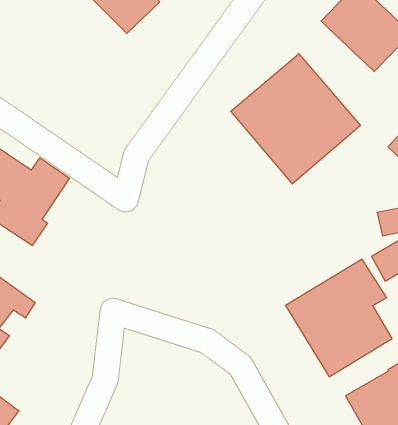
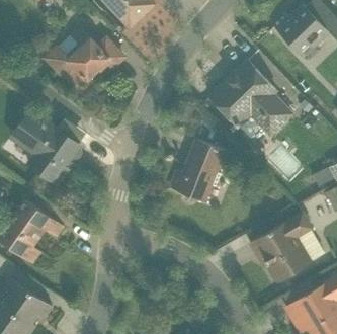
building: none -> [43,30,124,96]
building: none -> [173,142,229,204]

